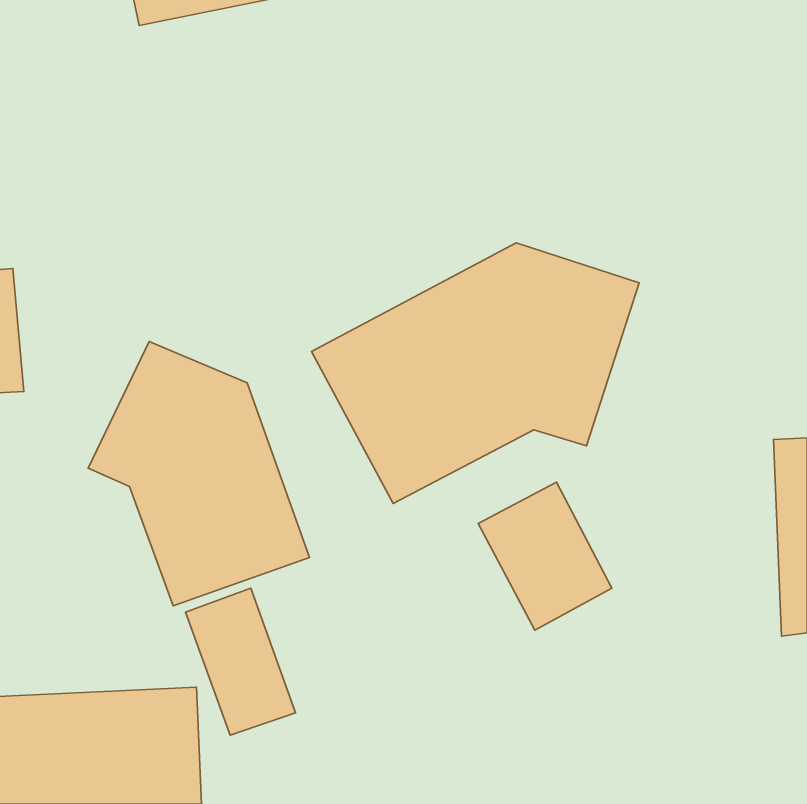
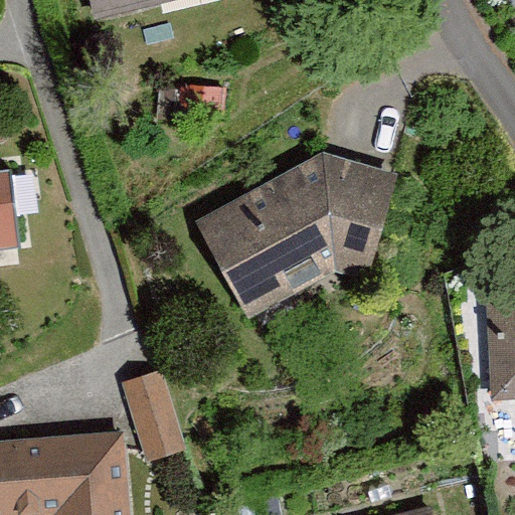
building: [88,342,310,606] -> none
building: [478,482,612,630] -> none

